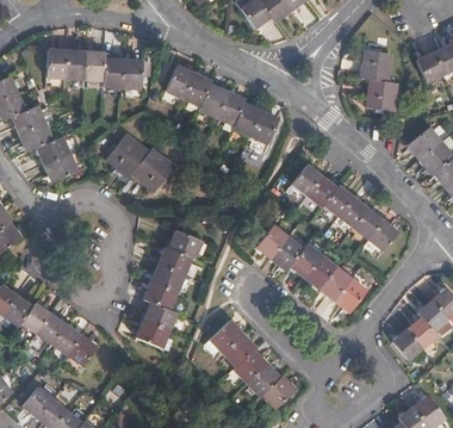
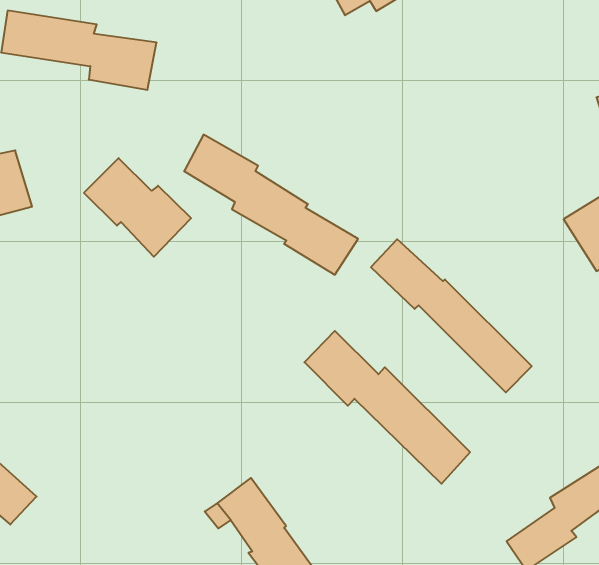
building: [361,51,397,113] -> none
building: [165,64,277,142] -> [184,135,358,275]
building: [138,229,203,348] -> none

